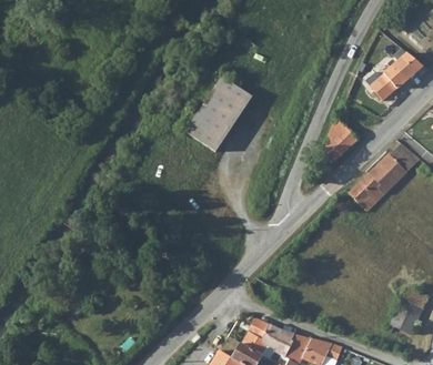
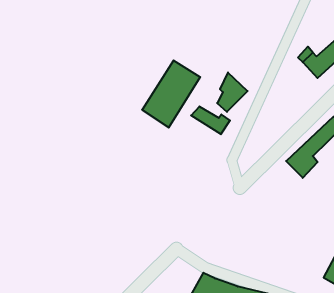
building: [324,118,359,162] -> [217,72,248,112]
building: none -> [191,106,230,134]

